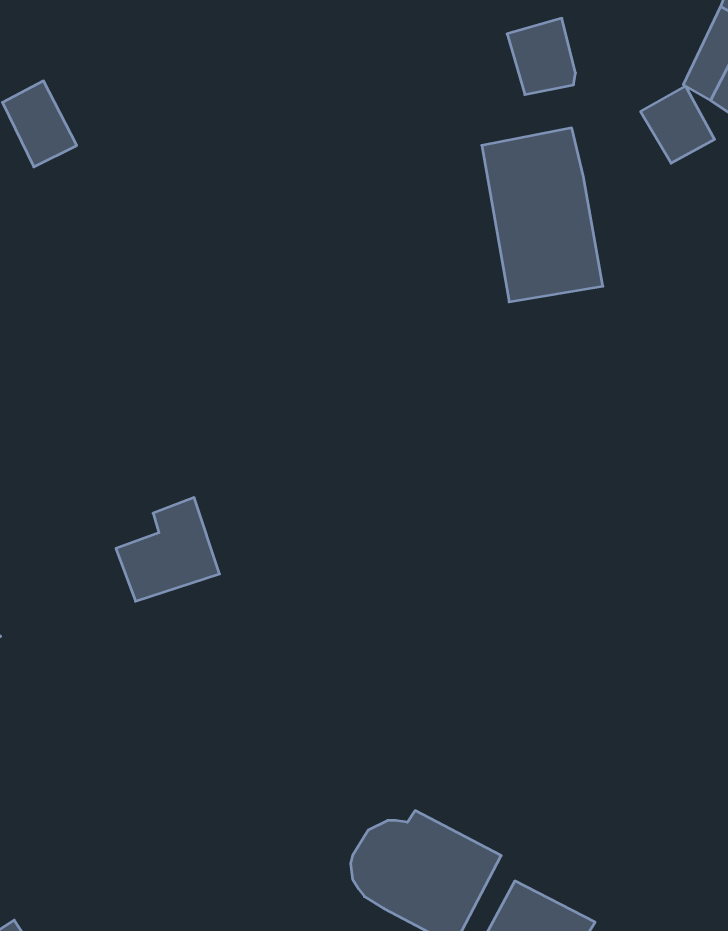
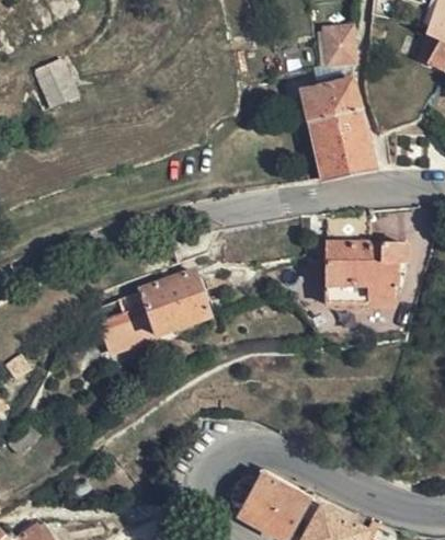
building: [641,86,715,163] -> none
building: none -> [327,214,406,307]
building: none -> [142,274,210,336]

